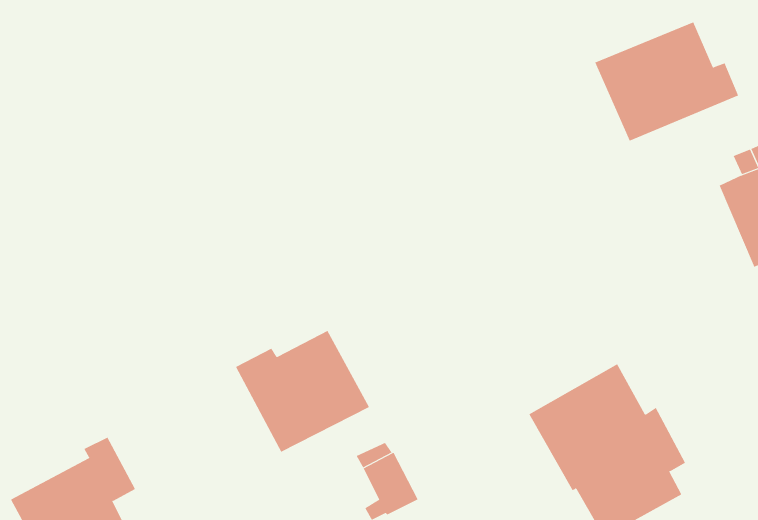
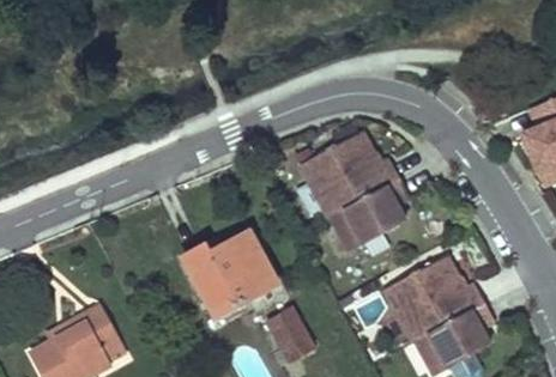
building: [594,22,739,142] -> none
building: none -> [303,132,411,250]

